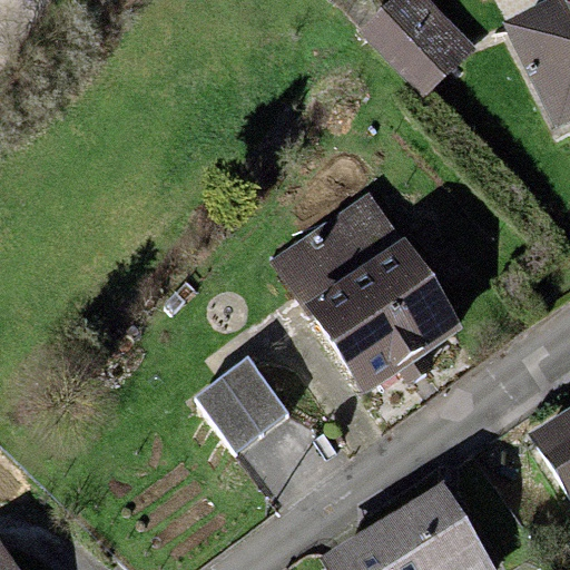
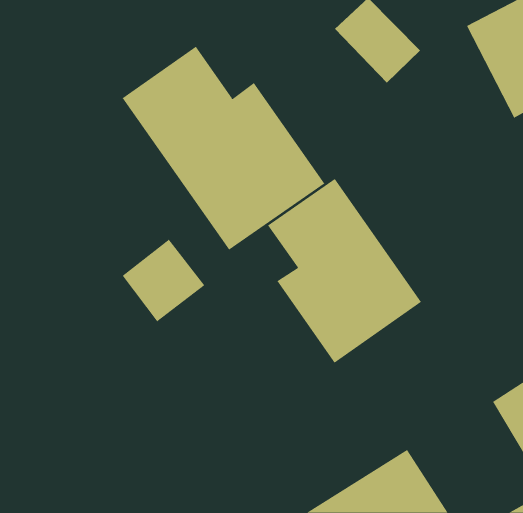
building: none -> [122,46,325,251]
building: [196,362,286,452] -> [122,239,205,322]

